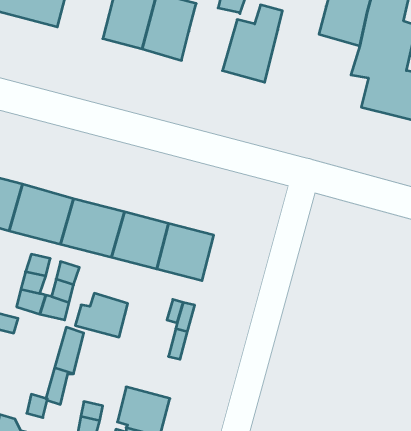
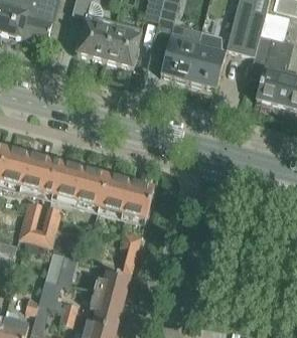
building: none -> [189,32,226,89]
building: [75,293,128,337] -> [94,270,130,300]

